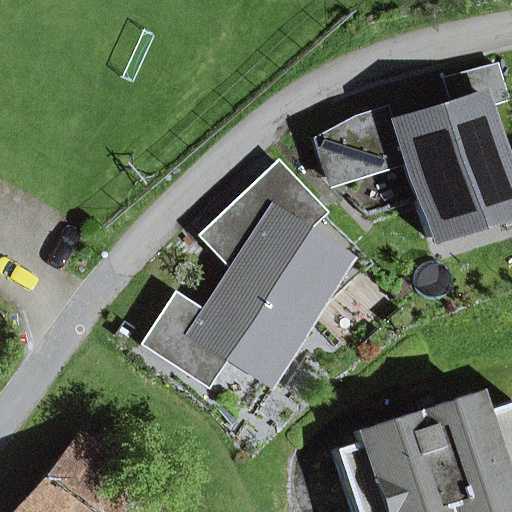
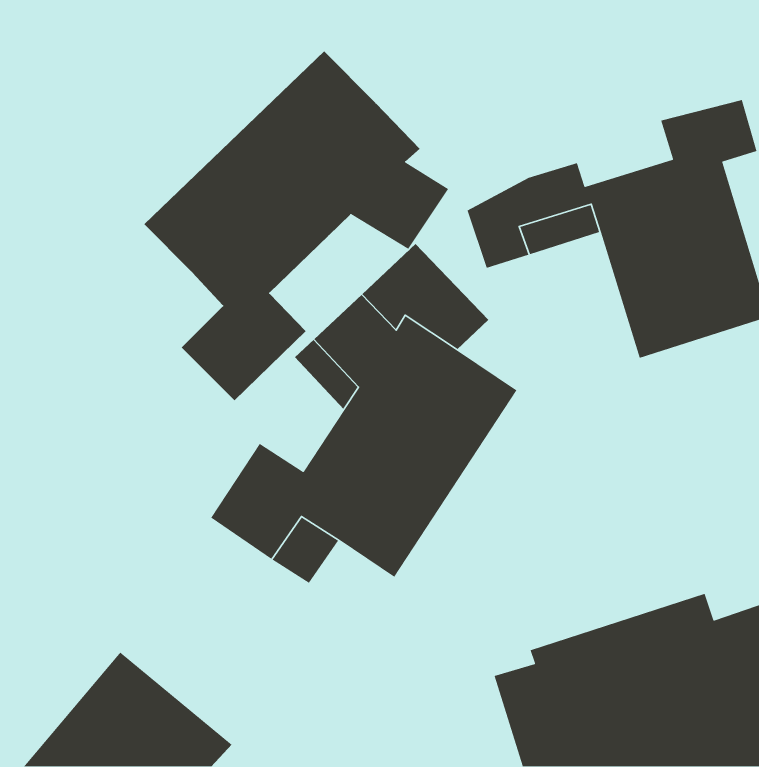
building: none -> [144,50,449,401]

